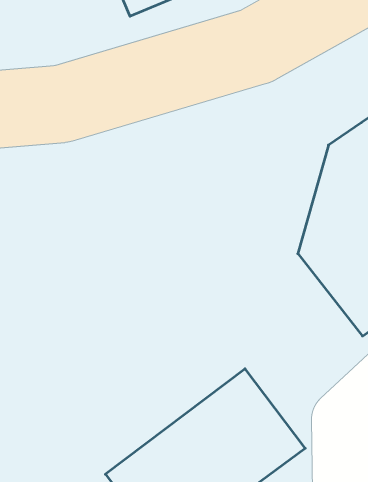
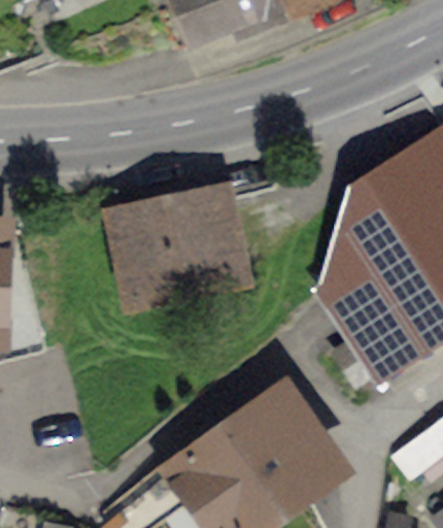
building: none -> [127,186,246,290]

